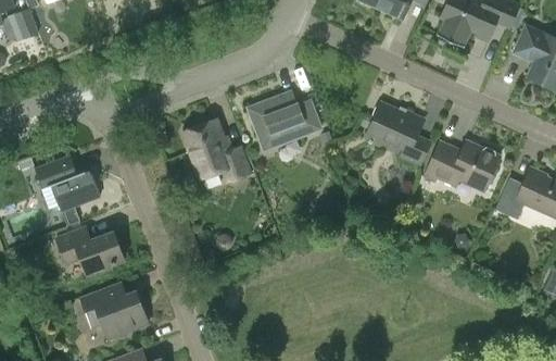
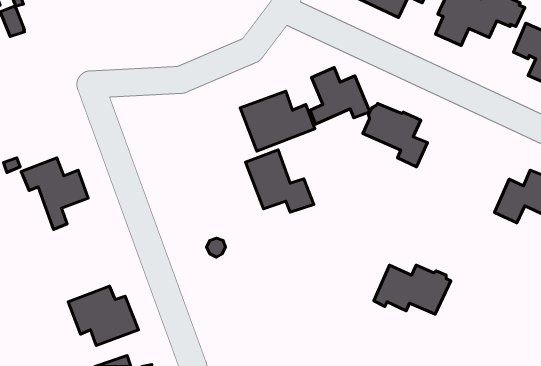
building: none -> [310,67,370,124]
building: [184,120,250,180] -> [246,150,314,212]
building: [425,141,500,189] -> [374,265,451,314]
building: [56,227,124,274] -> none

